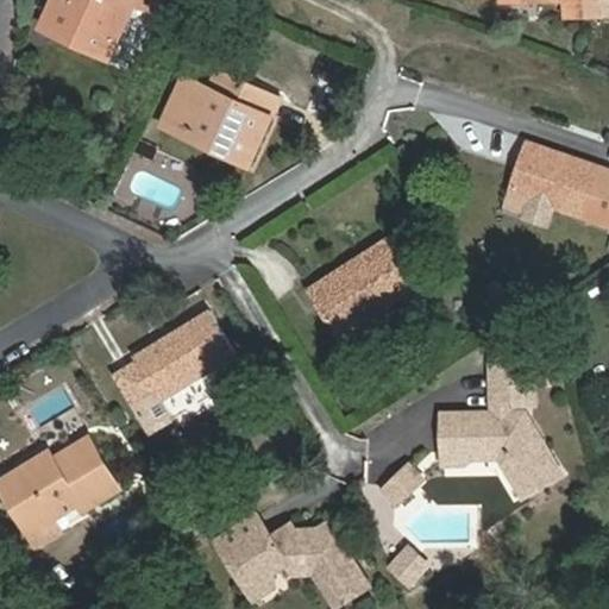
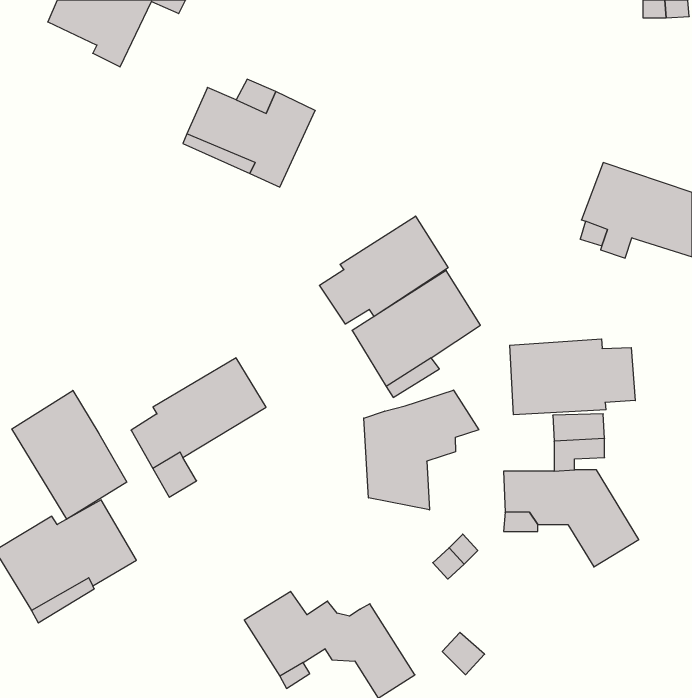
building: none -> [319,216,448,324]
building: none -> [510,339,635,415]
building: none -> [364,390,479,510]
building: none -> [12,390,127,519]

